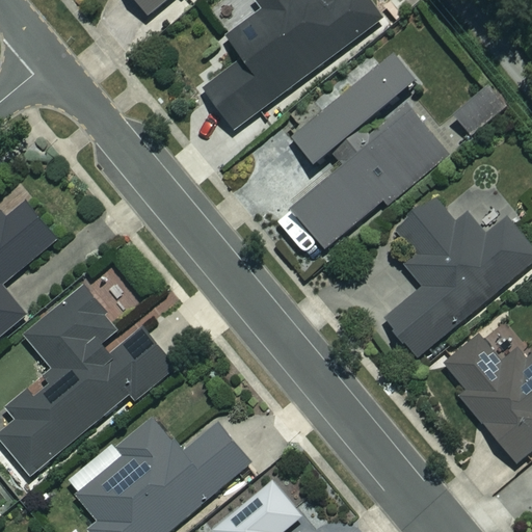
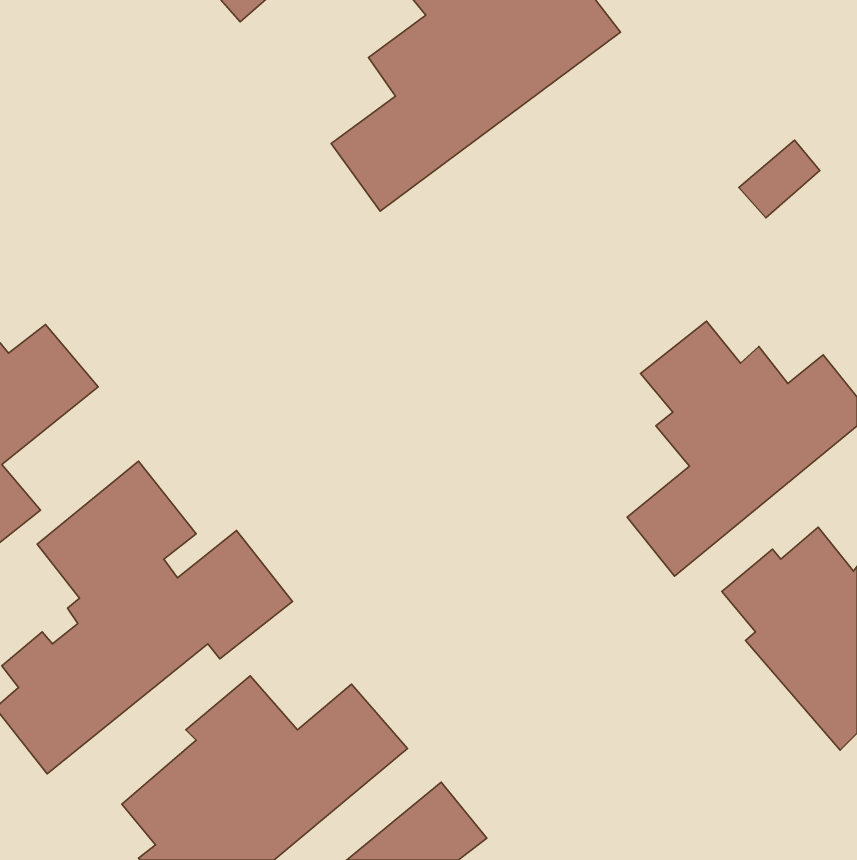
building: [291,54,446,247] -> none

